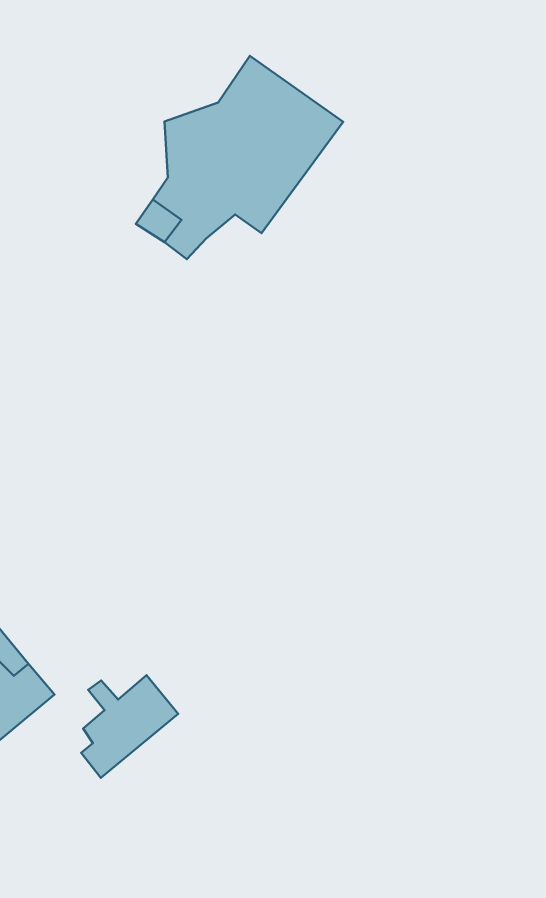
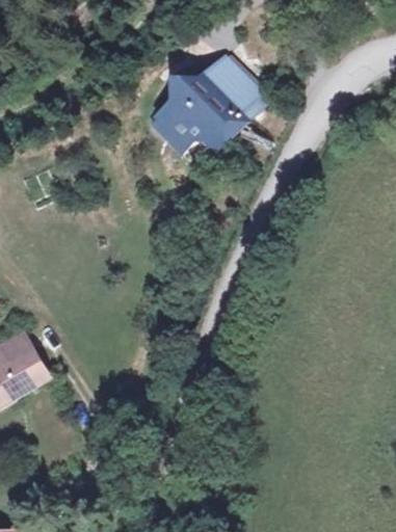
building: [81,675,178,778] -> none

